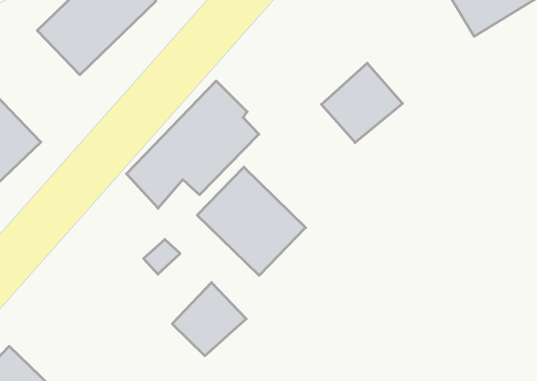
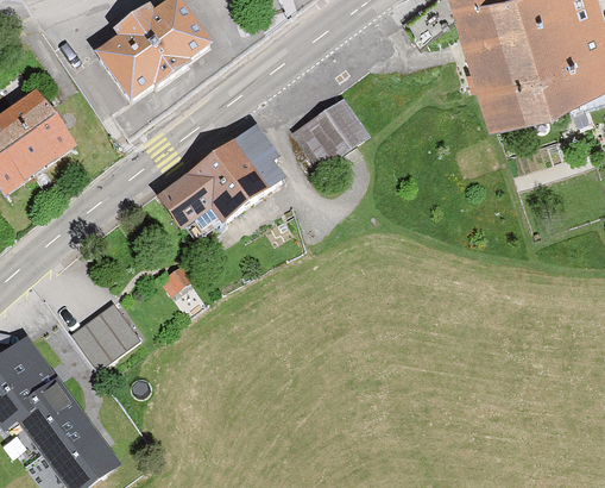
building: [321,63,403,143] -> [291,96,366,168]
building: [197,167,306,275] -> none
building: [172,282,246,356] -> [70,298,139,364]

